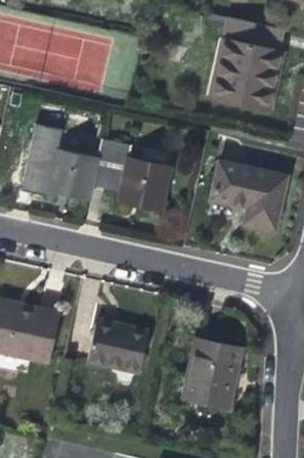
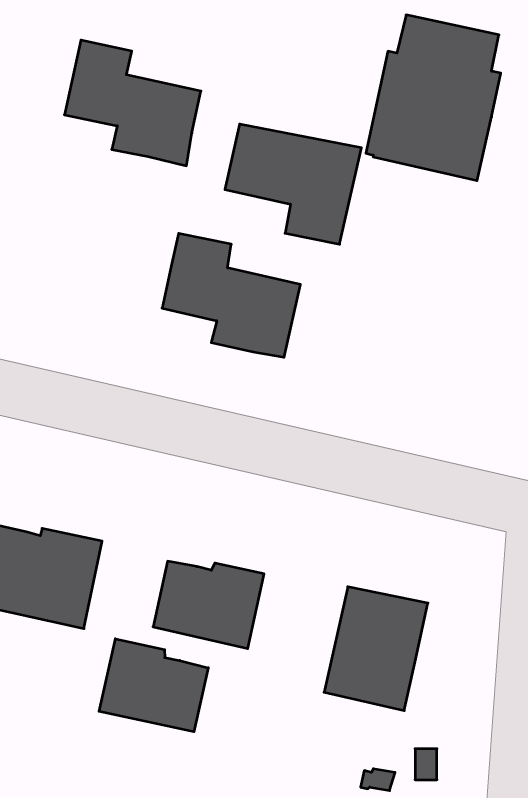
building: [20,130,97,200] -> [64,40,201,166]
building: [211,163,288,230] -> [225,124,361,244]
building: none -> [99,639,208,732]

